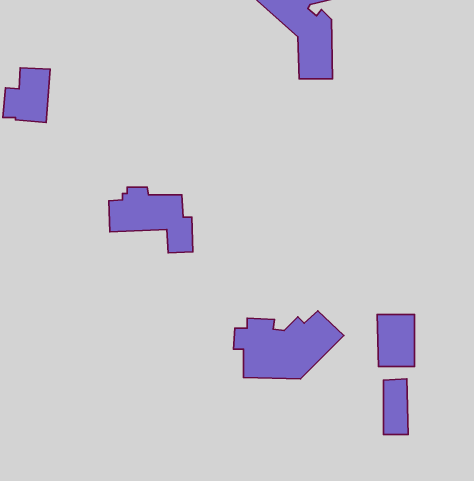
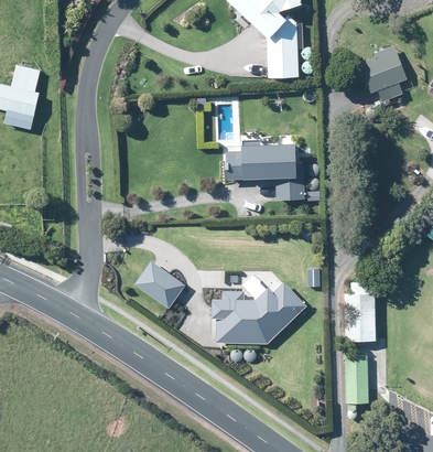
building: none -> [367,49,414,94]
building: [109,187,193,253] -> [225,140,300,198]
building: none -> [134,260,185,309]

